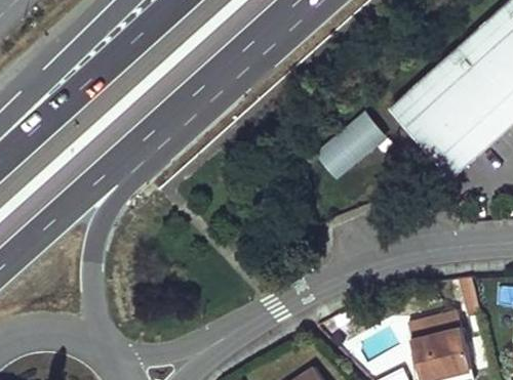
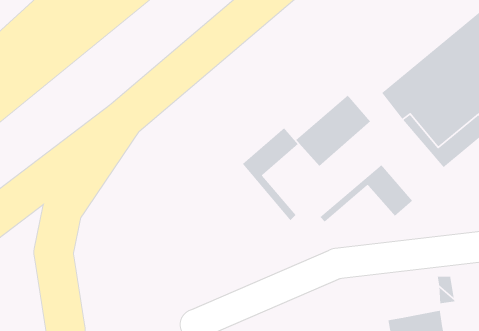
building: none -> [242,127,299,221]
building: none -> [320,164,413,223]

